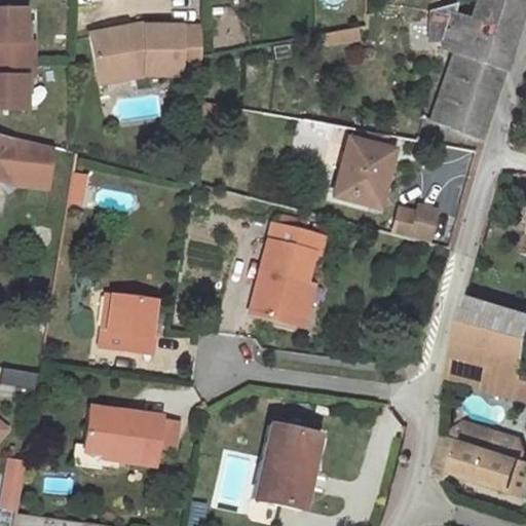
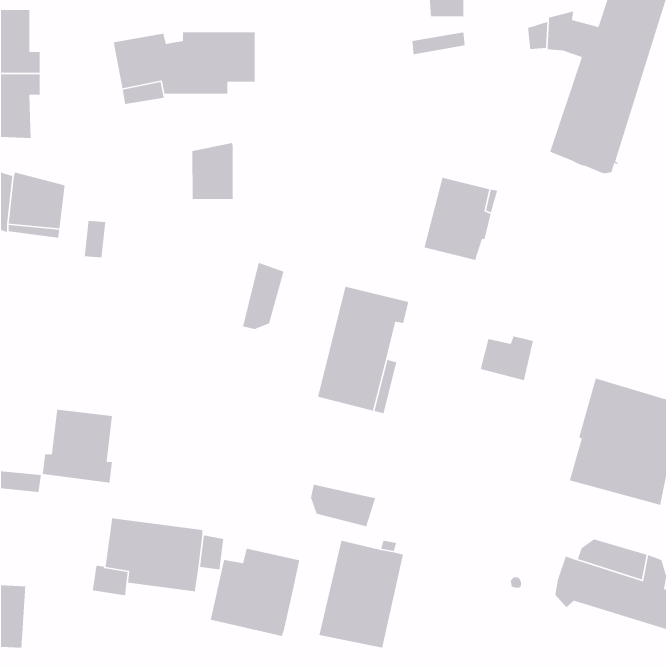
building: none -> [192,142,234,200]
building: none -> [242,262,284,330]
building: [394,205,437,241] -> [480,335,534,381]
building: [101,294,156,352] -> [42,409,113,484]
building: none -> [310,484,376,527]
building: none -> [210,548,300,637]

